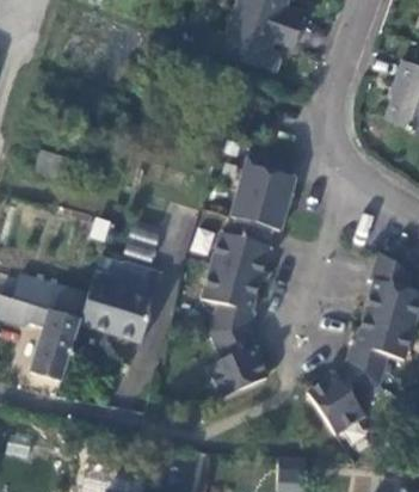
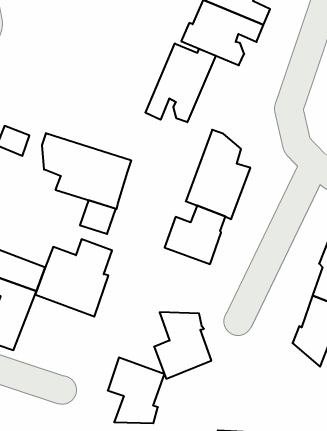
building: none -> [145,43,216,122]
building: none -> [42,133,131,209]
building: [202,269,259,336] -> [108,357,164,423]
building: [309,359,378,432] -> none

